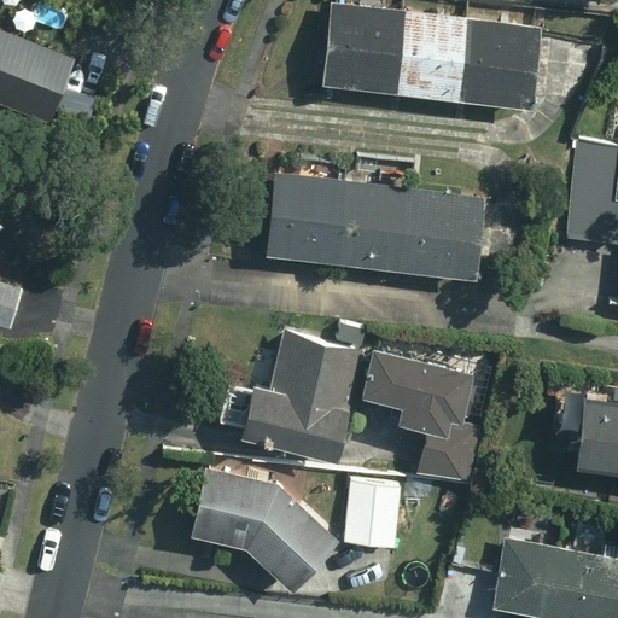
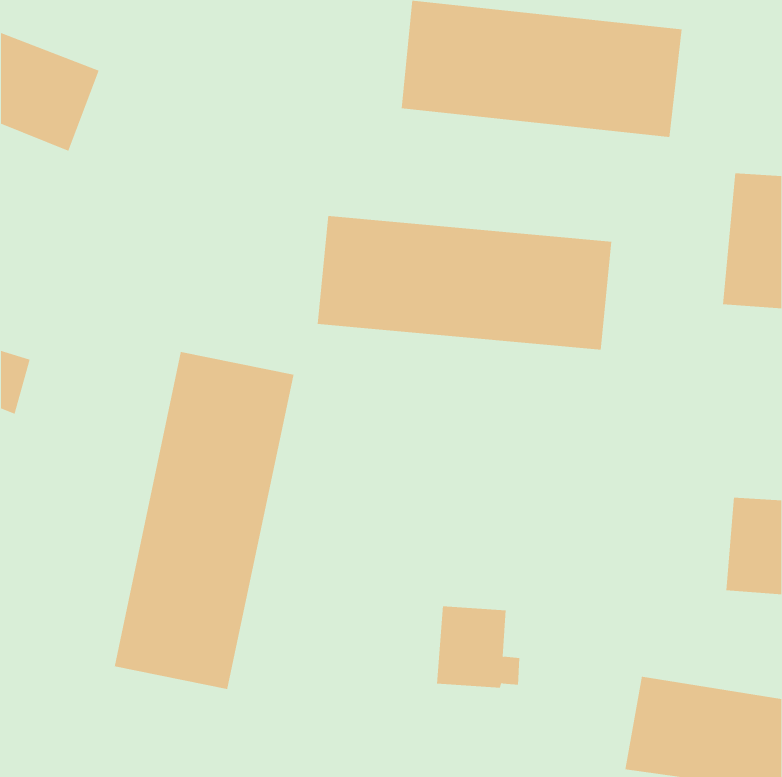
building: none -> [114,351,294,690]
building: [220,326,477,478] -> none
building: [192,472,339,589] -> none

